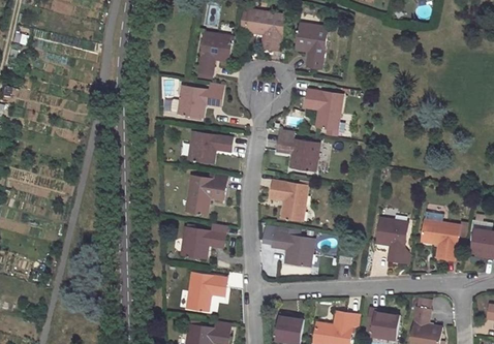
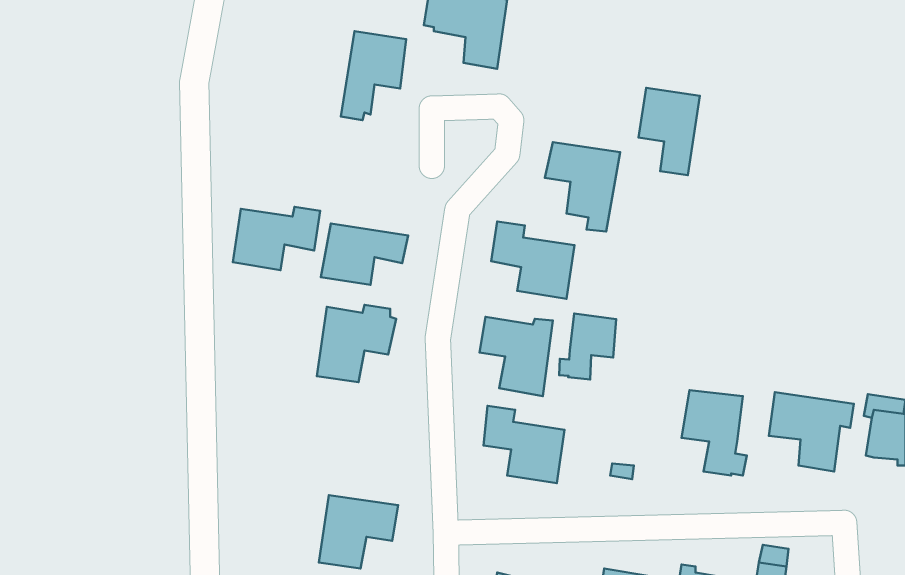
building: [296,23,328,68] -> [638,88,700,175]
building: [178,84,223,117] -> [233,207,320,270]
building: none -> [559,314,616,379]
building: [180,223,225,258] -> none

